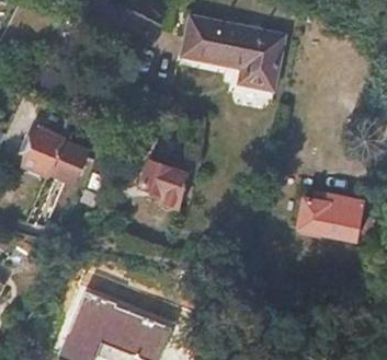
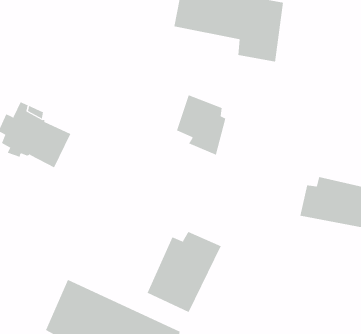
building: [141,154,187,210] -> [176,95,226,155]
building: none -> [147,231,221,313]

